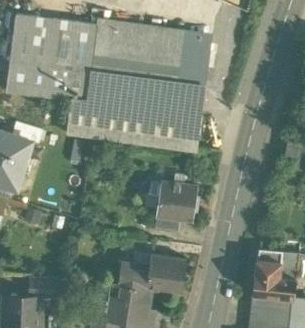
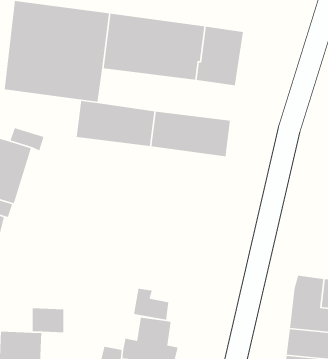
building: [88,72,206,116] -> none
building: [150,182,197,220] -> none
building: [133,254,186,293] -> none

